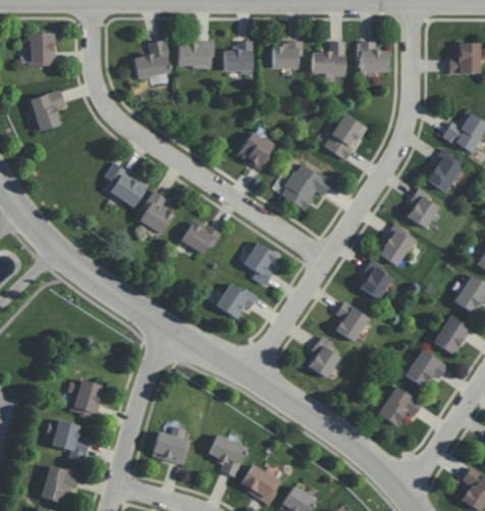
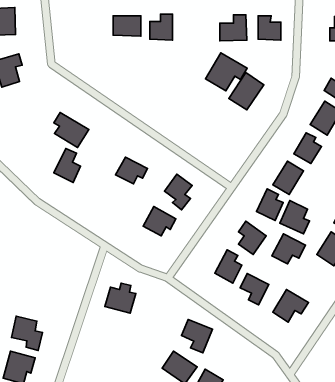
building: [134,40,171,79] -> none
building: [272,43,303,68] -> none
building: [237,131,275,169] -> none
building: [280,162,332,210] -> [206,53,247,91]
building: [139,191,172,234] -> [54,148,81,182]
building: none -> [280,201,309,234]
building: [406,349,447,387] -> [272,234,305,264]
building: none -> [240,273,269,305]
building: [67,379,105,419] -> none
building: [152,426,191,464] -> [105,283,136,313]
building: [209,435,248,476] -> [182,319,213,353]

